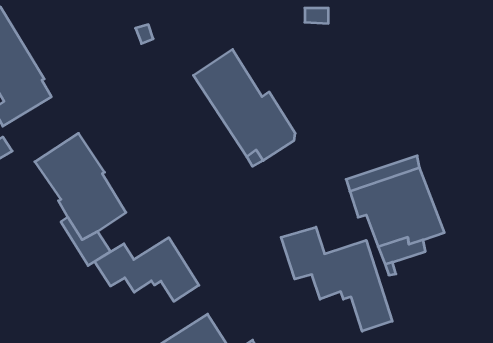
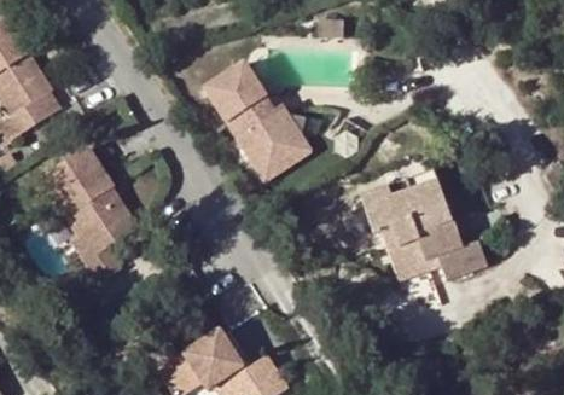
building: none -> [440,240,489,279]
building: [281,227,392,331] -> none
building: [95,238,199,301] -> none

